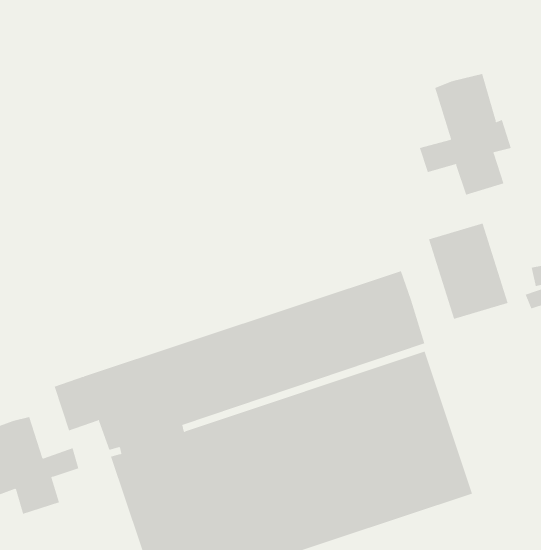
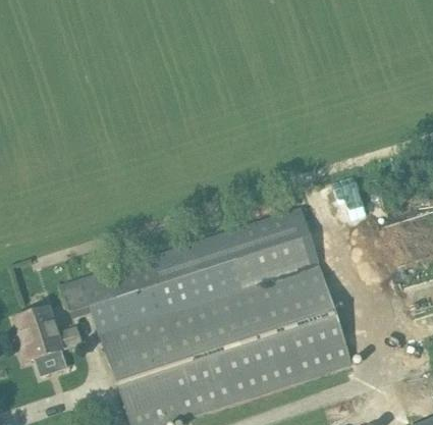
building: [419,73,511,196] -> none

